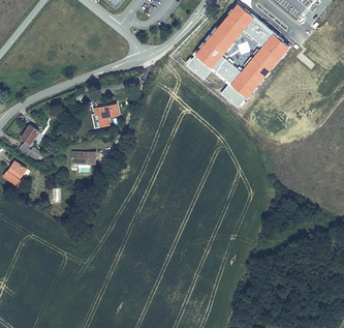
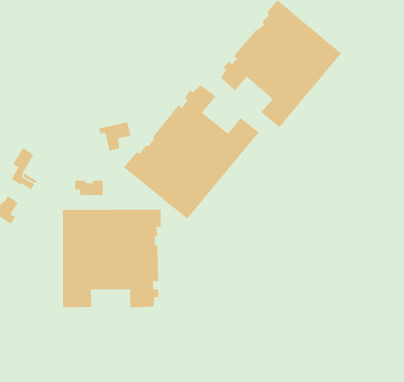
building: none -> [123,84,260,220]
building: none -> [62,209,161,308]

